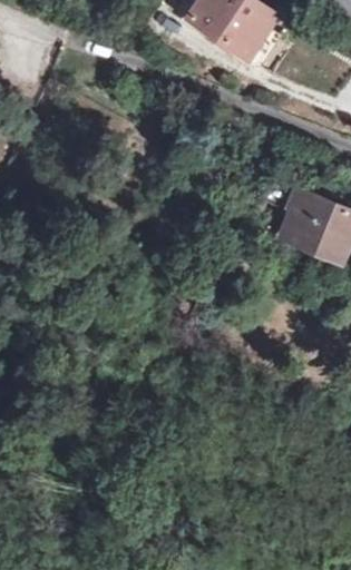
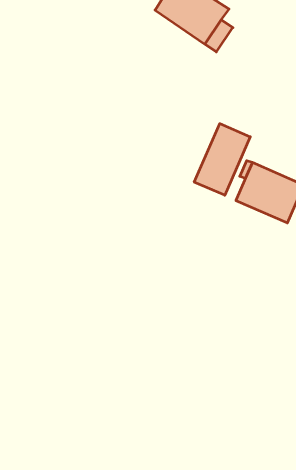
building: none -> [194,124,250,195]

